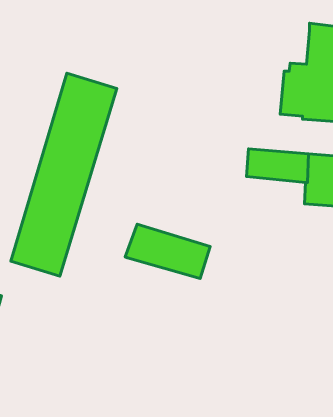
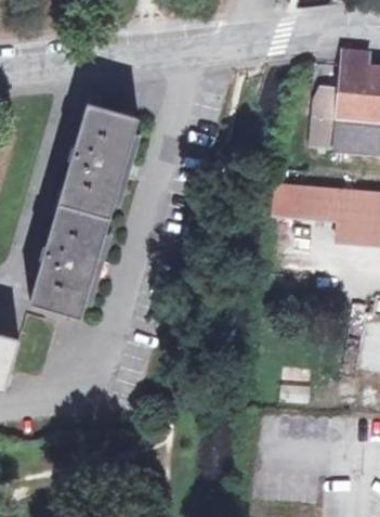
building: [125,224,210,278] -> none

